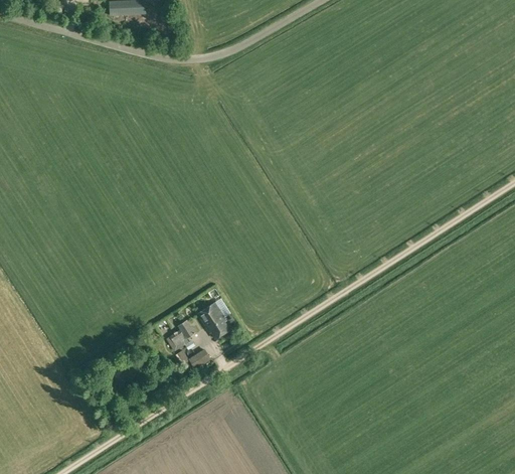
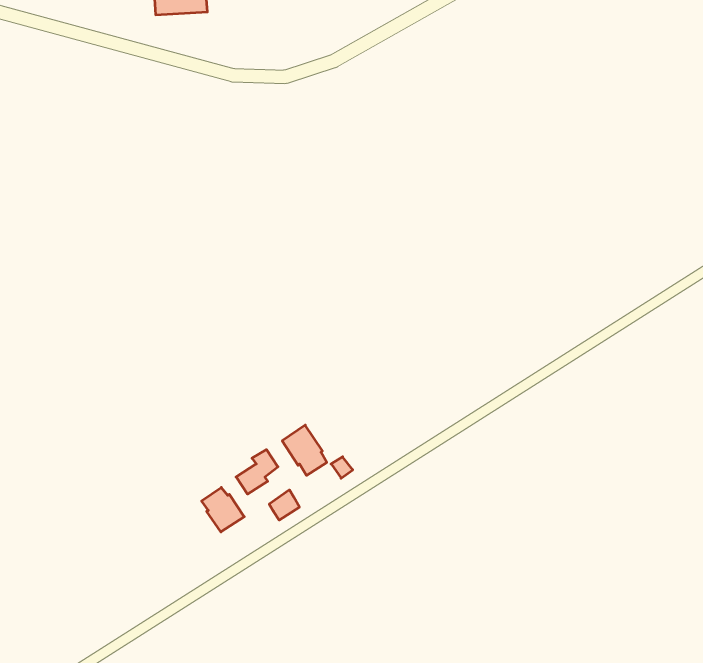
building: none -> [202,487,244,532]

